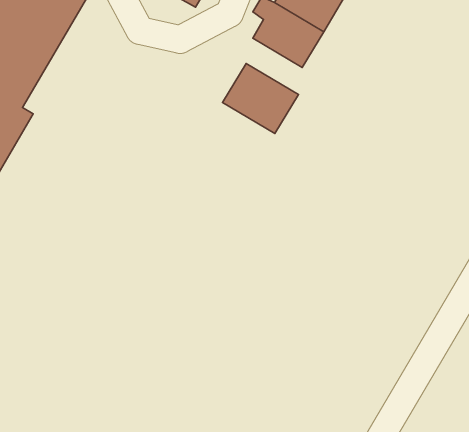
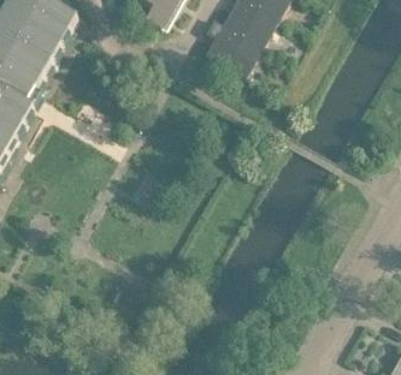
building: [223,64,298,134] -> none

